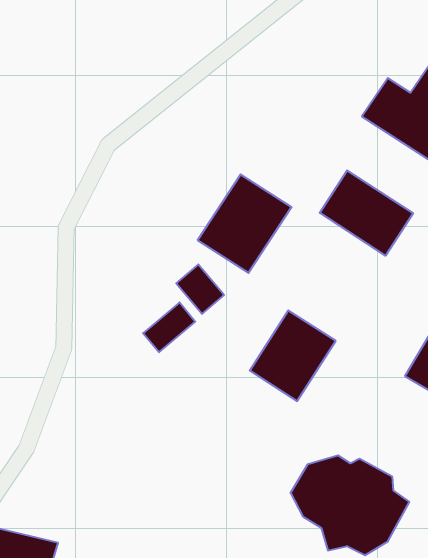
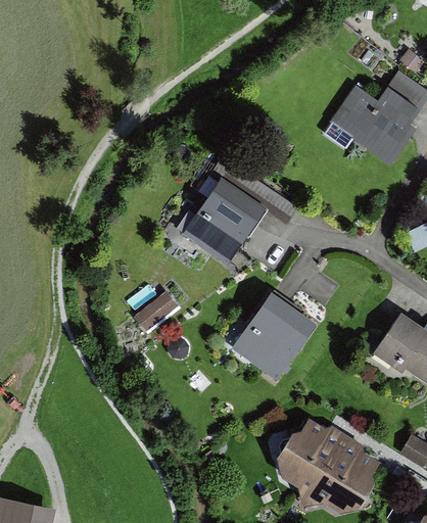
building: [320,170,413,256] -> none
building: [176,264,224,314] -> none

